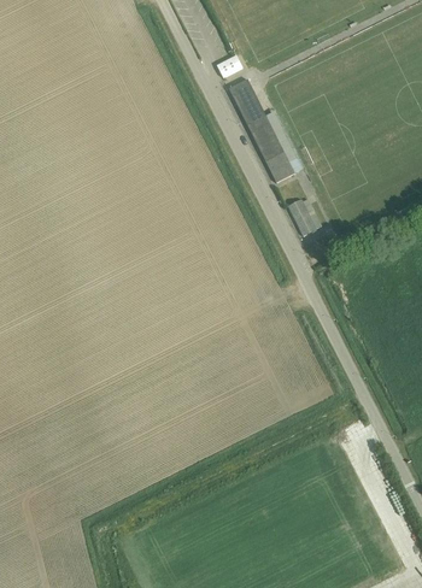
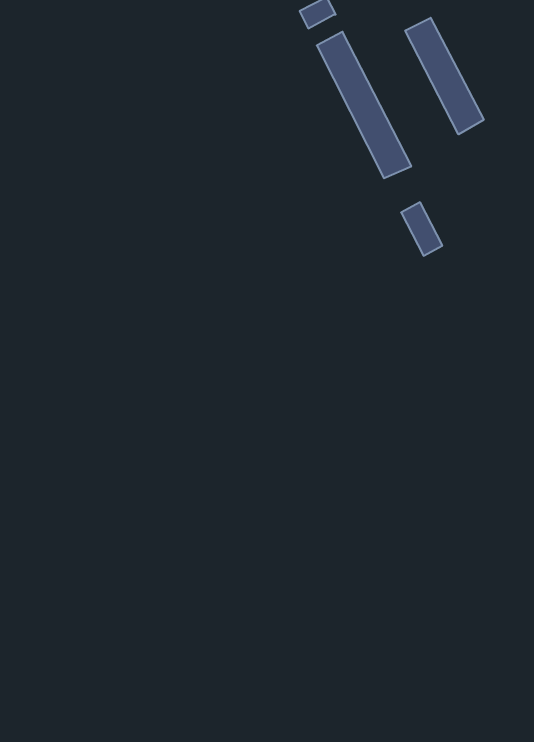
building: none -> [405,18,484,134]

